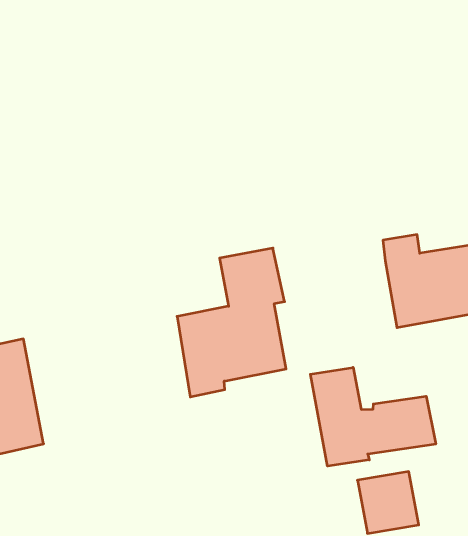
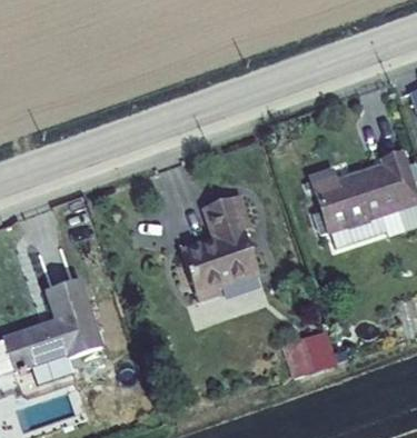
building: [310,367,436,466] -> none

